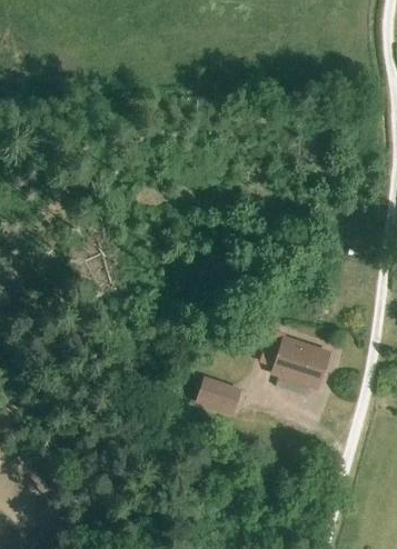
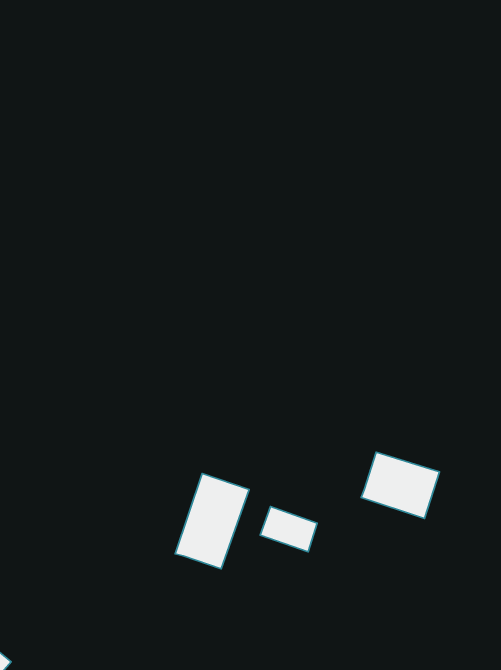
building: none -> [175,473,249,569]

